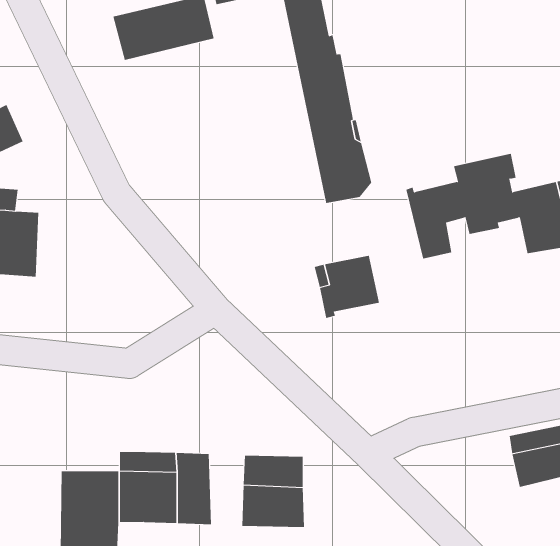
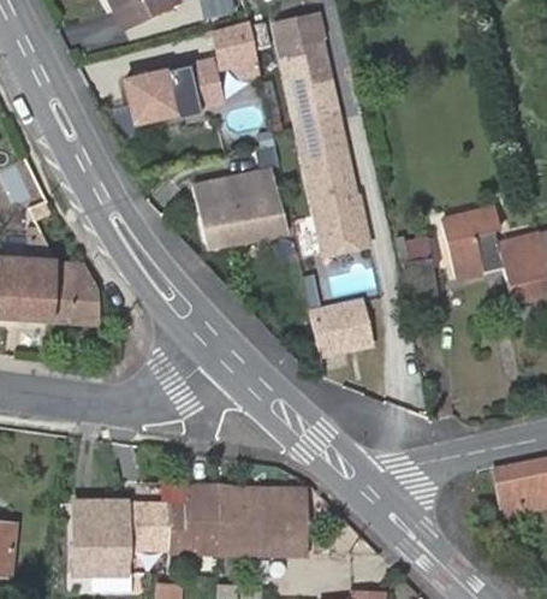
building: none -> [195,168,286,247]
building: none -> [54,260,100,324]
building: none -> [215,485,248,552]

